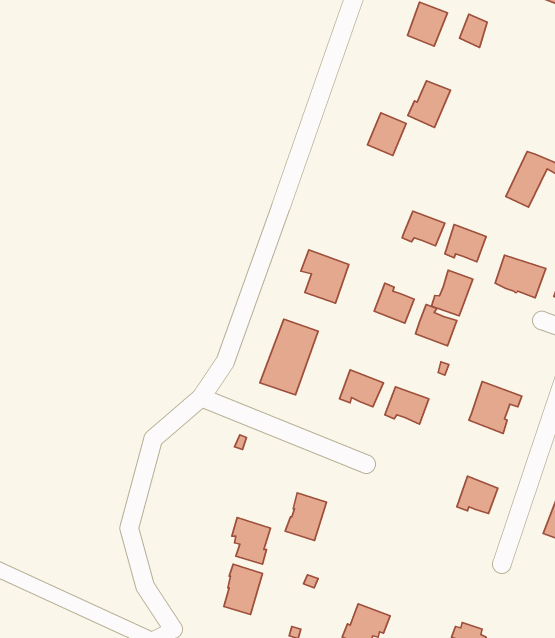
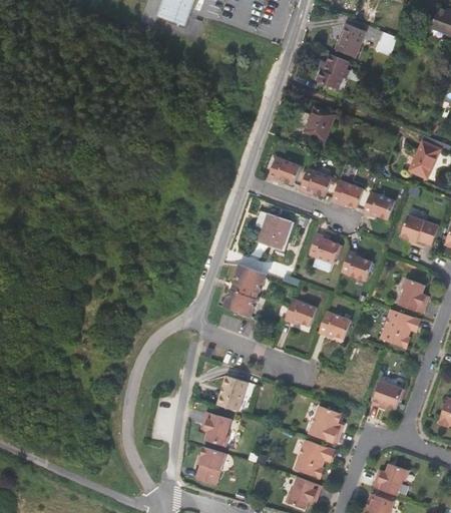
building: [408,81,451,128] -> [318,55,350,90]
building: none -> [268,157,300,183]
building: none -> [300,169,332,195]
building: [432,270,473,316] -> none
building: none -> [399,278,428,313]
building: [285,493,326,541] -> [216,375,248,411]
building: none -> [309,405,342,443]
building: none -> [294,439,335,478]
building: none -> [373,463,409,495]

